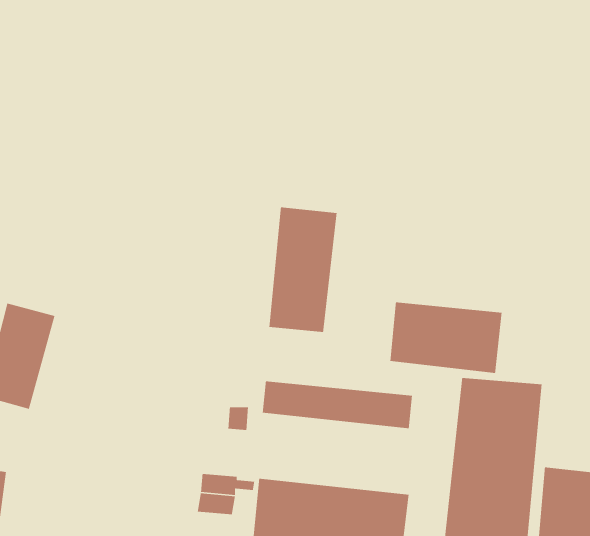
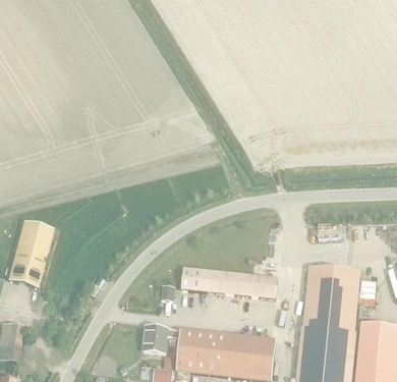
building: [268,206,338,333] -> none
building: [389,302,503,374] -> none

